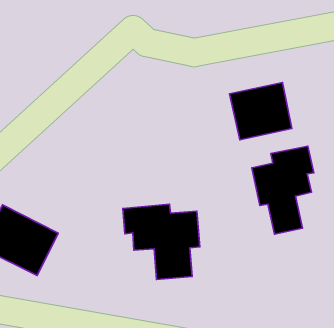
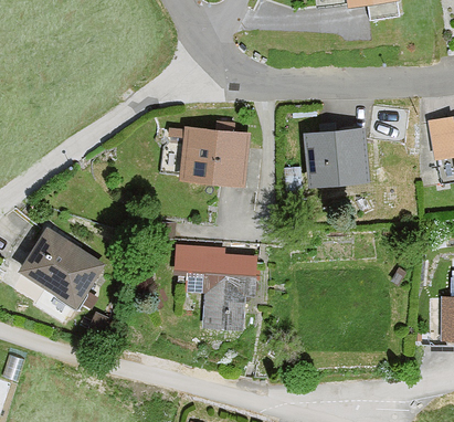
building: none -> [181,128,250,187]
building: [252,146,314,234] -> none

